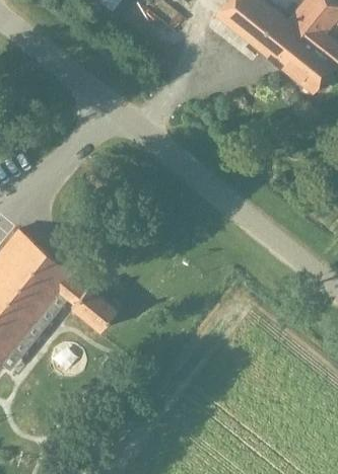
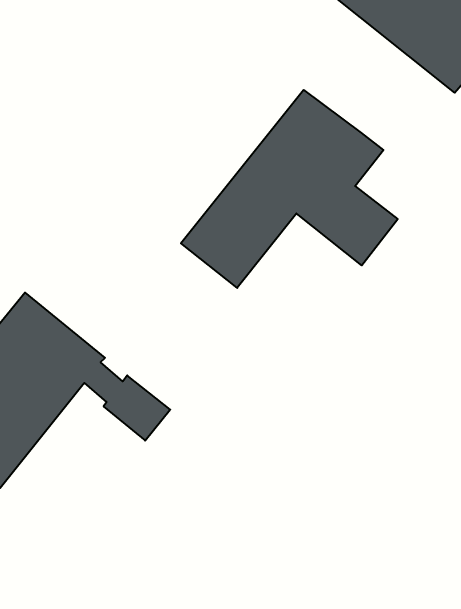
building: none -> [181,90,398,288]

